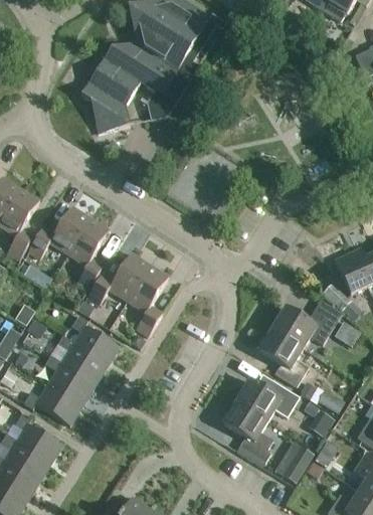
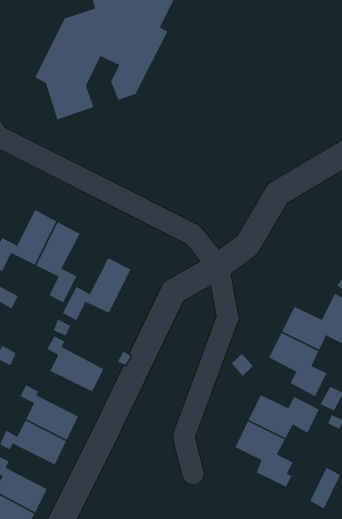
building: [128,264,169,334] -> none
building: [57,334,108,384] -> none

